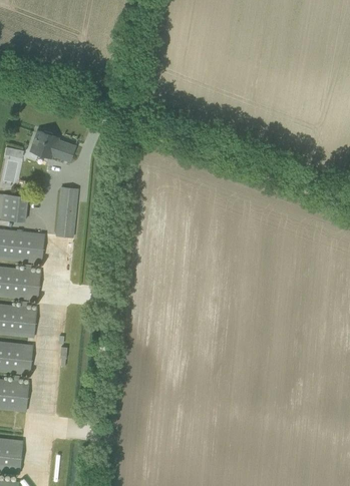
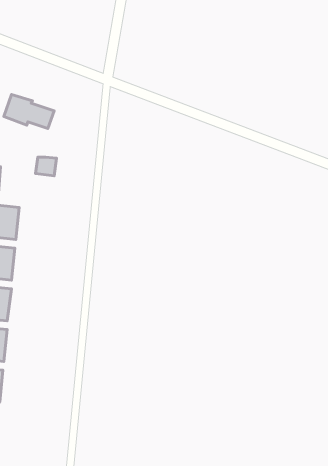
building: [56,202,76,237] -> none

